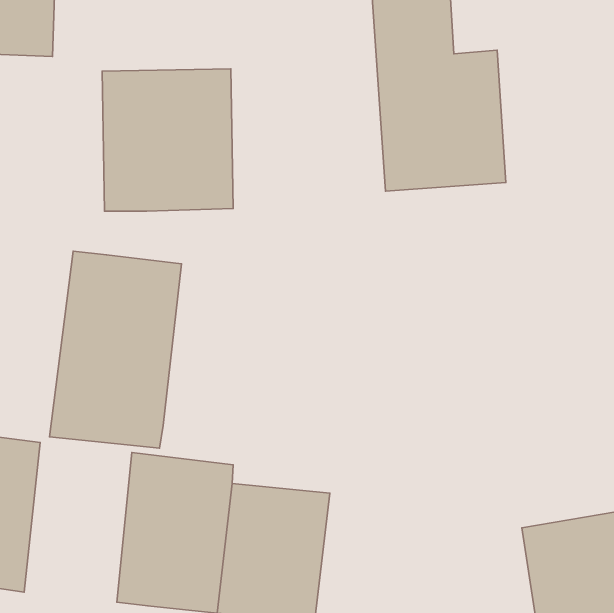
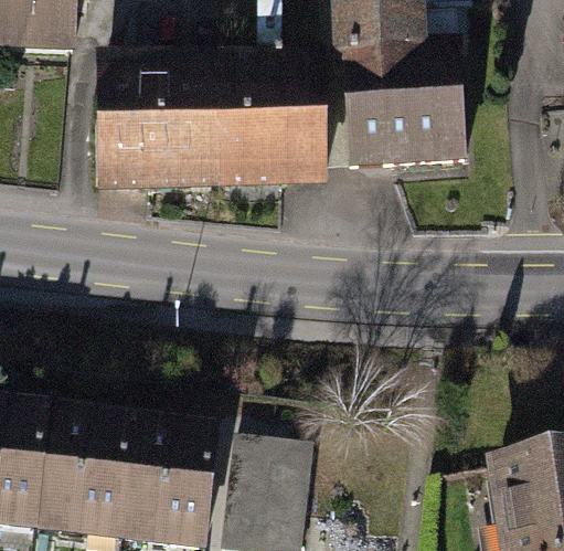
building: none -> [220,61,321,188]
building: [49,251,181,448] -> none
building: none -> [35,396,131,539]

